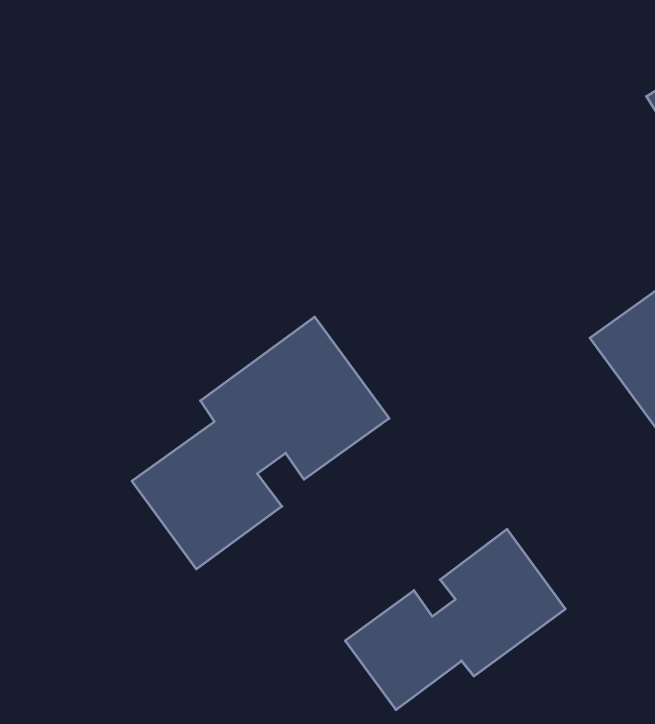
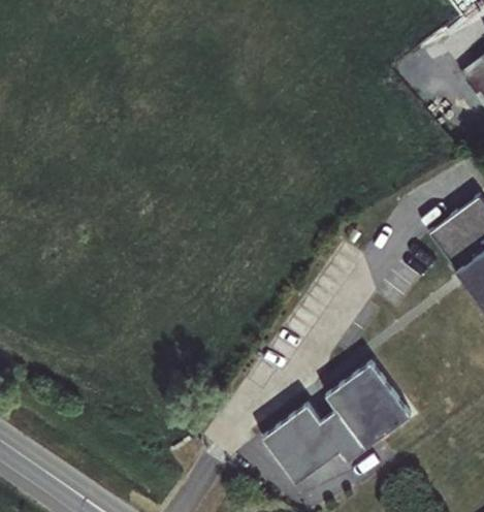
building: [132,317,389,569] -> none

